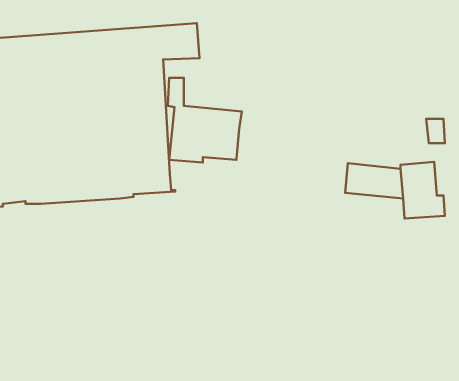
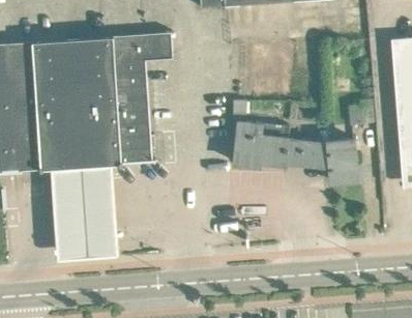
building: [168,78,242,163] -> [232,99,289,165]
building: none -> [51,166,118,265]

